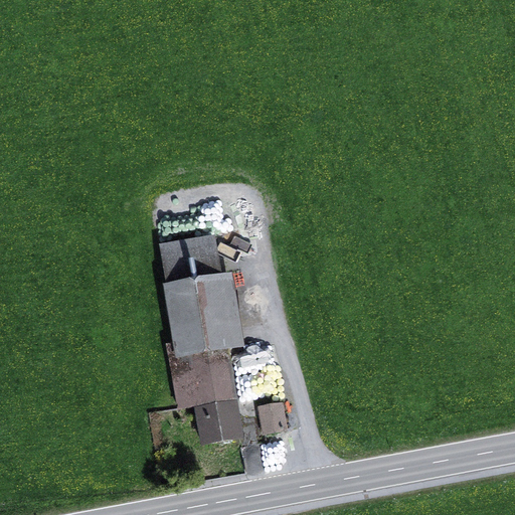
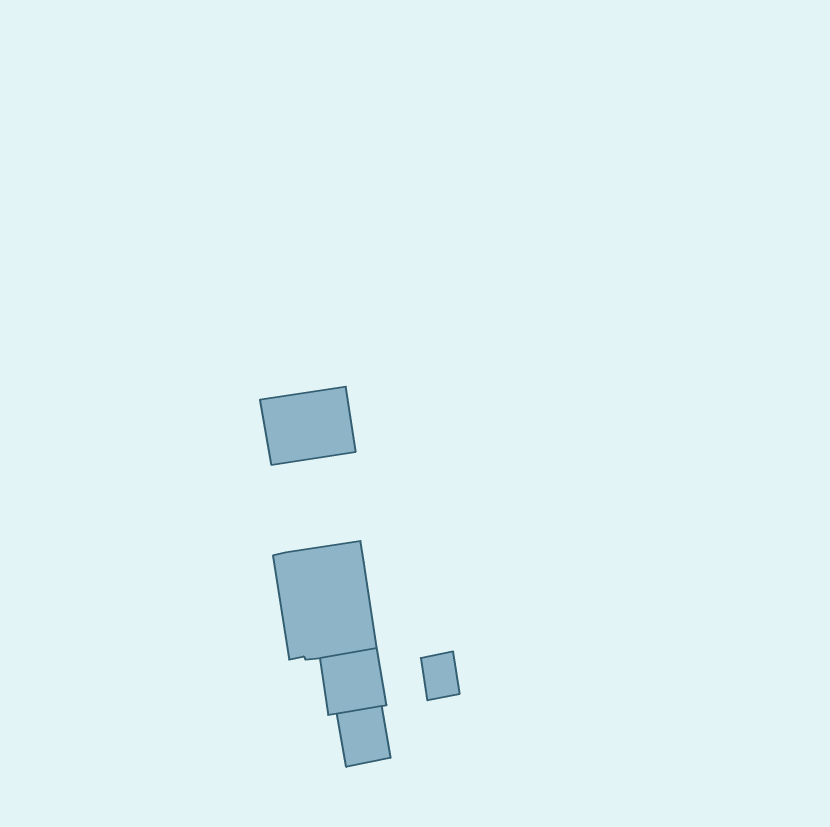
building: [168,280,231,348] -> none
building: none -> [337,706,390,767]

